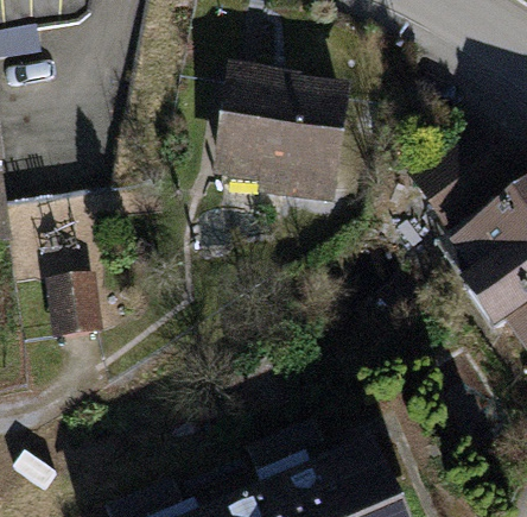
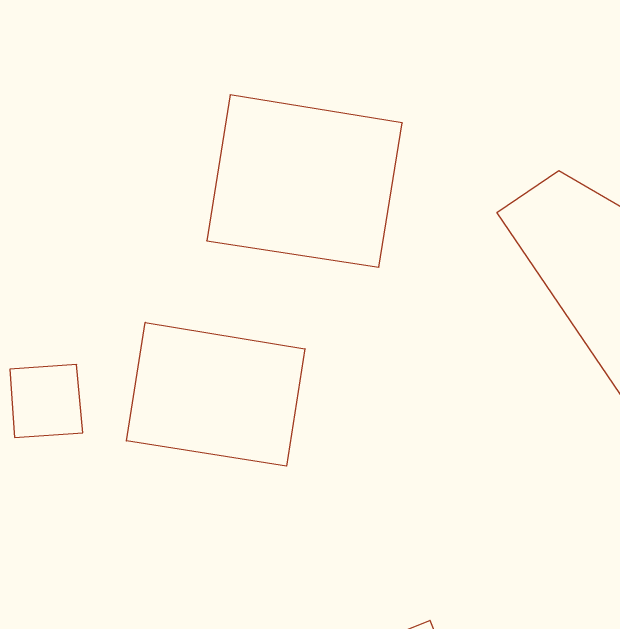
building: none -> [126,322,305,466]

